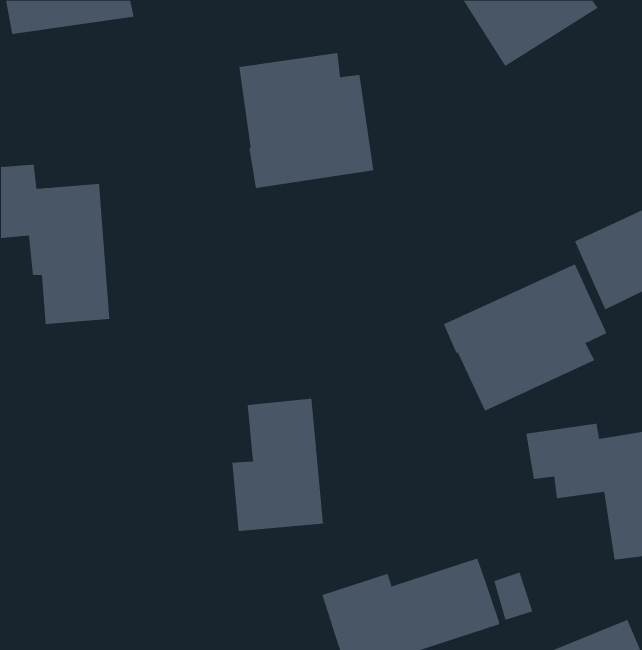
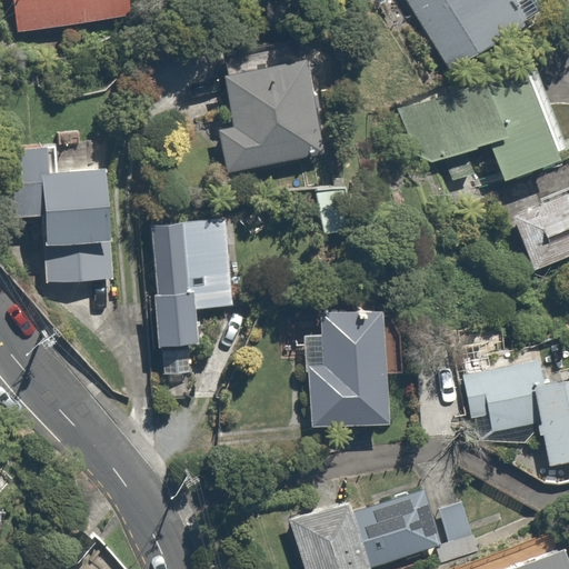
building: none -> [409,64,555,187]
building: none -> [150,216,237,345]
building: [443,264,607,412] -> none
building: [232,398,324,532] -> [308,309,388,425]

